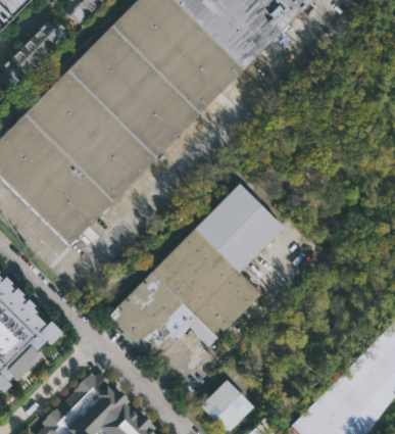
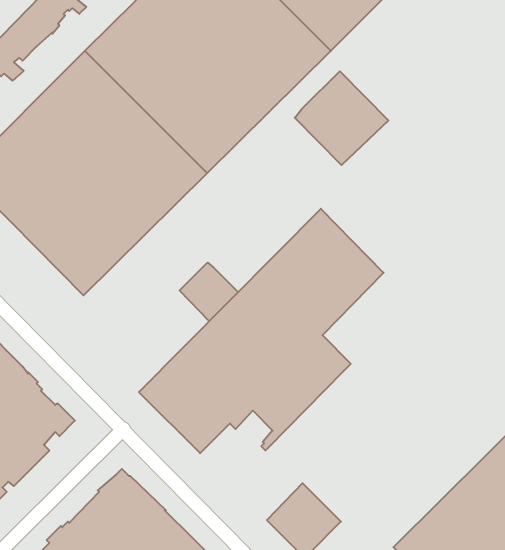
building: none -> [295,71,388,165]
building: none -> [180,263,238,321]

